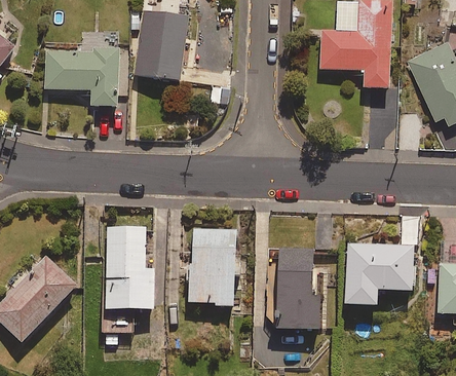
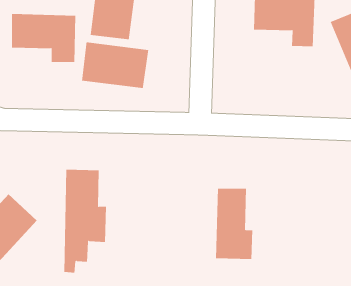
building: none -> [81,41,149,89]
building: [188,227,241,305] -> none
building: [347,243,414,307] -> none

